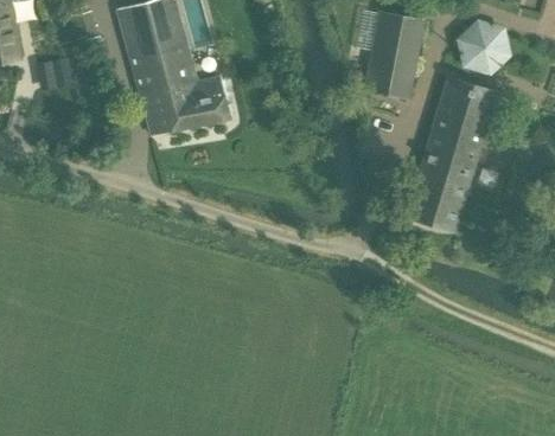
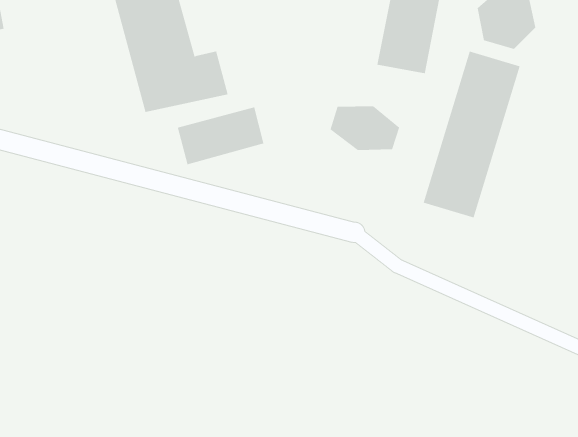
building: none -> [330,106,400,151]
building: none -> [177,106,264,165]

